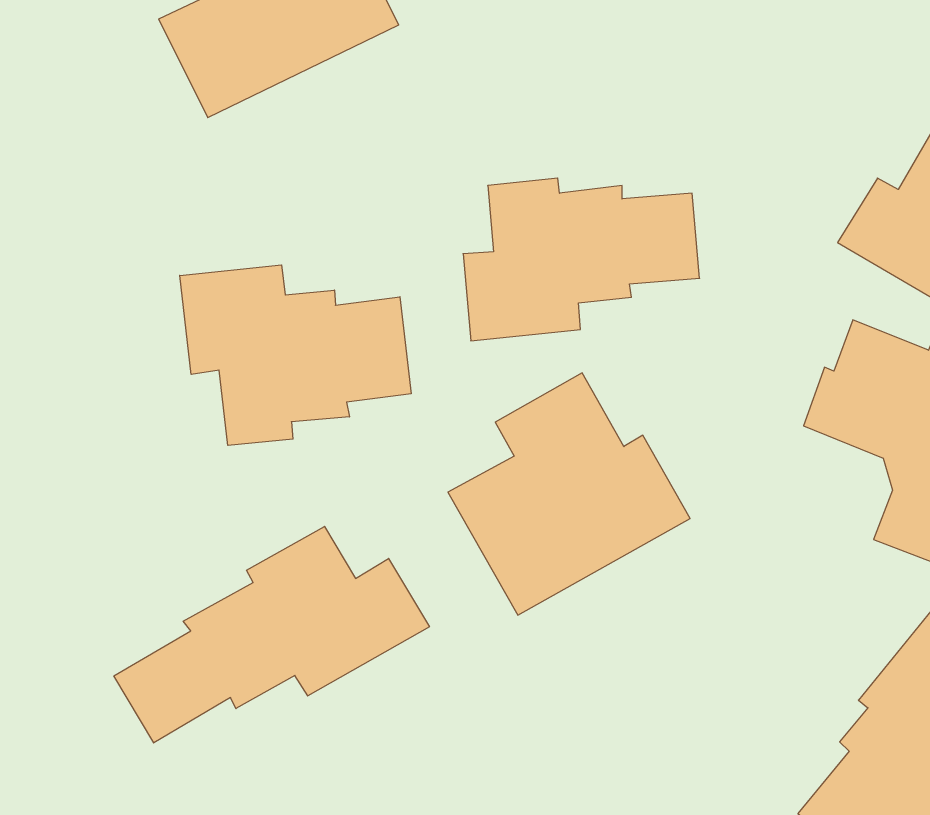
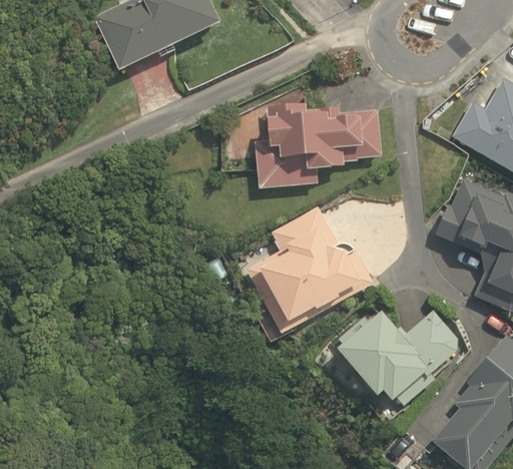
building: [180,265,411,445] -> none
building: [114,526,429,743] -> none
building: none -> [340,309,458,406]

